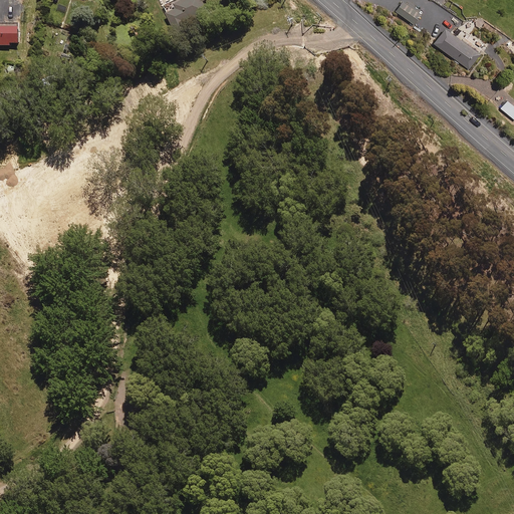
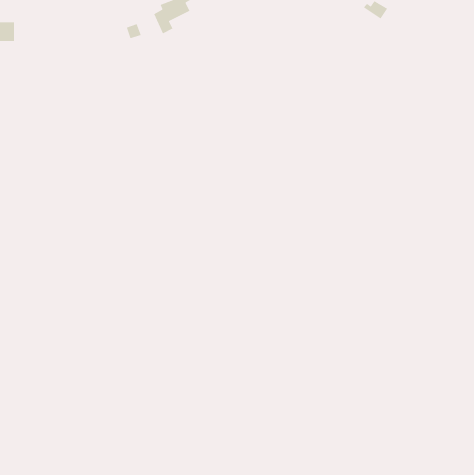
building: [429,25,478,66] -> none

